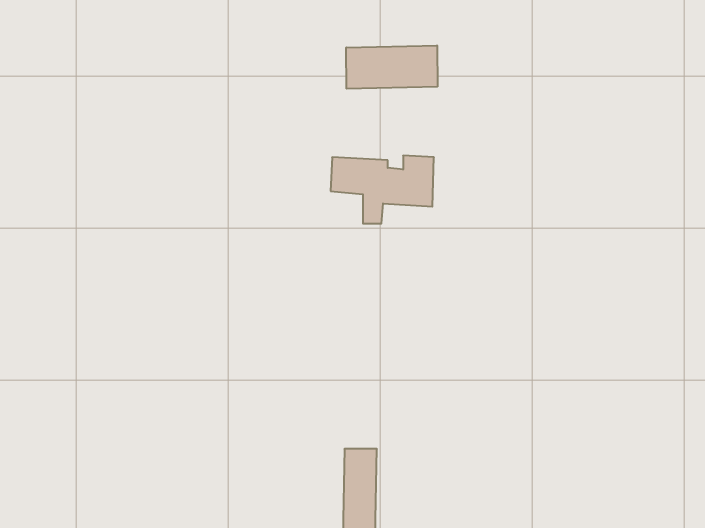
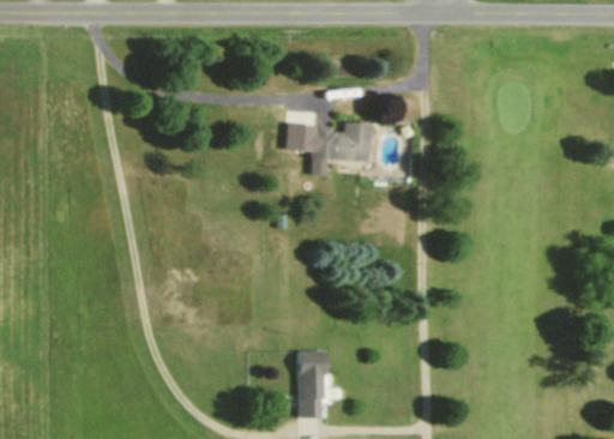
building: [346,45,437,89] -> none

